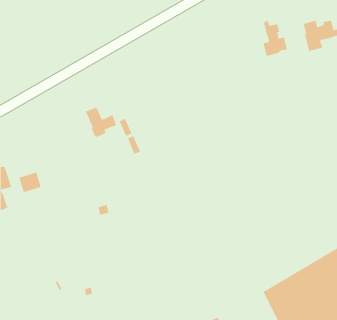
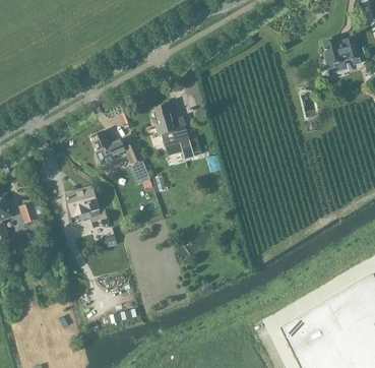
building: [263,20,287,57] -> none
building: none -> [155,104,201,160]
building: none -> [69,186,111,227]

